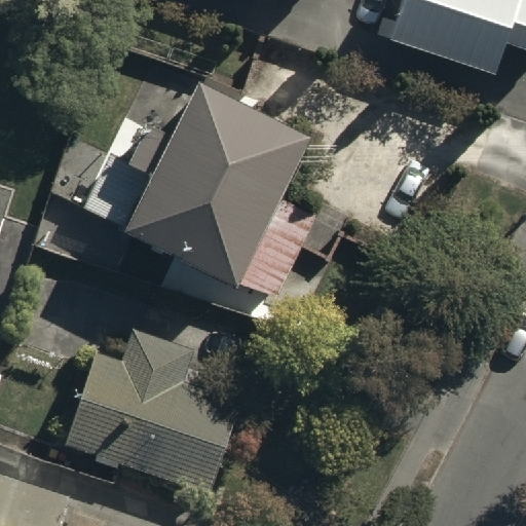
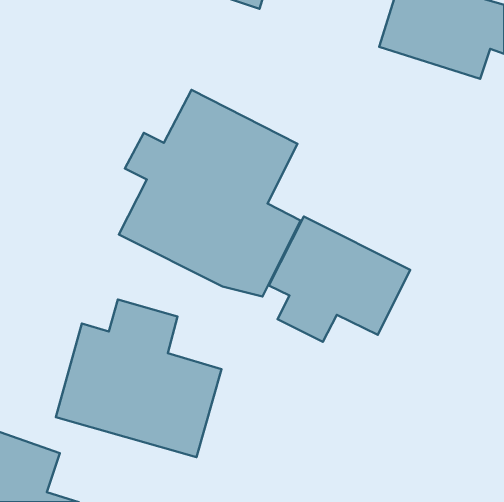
building: none -> [269,217,410,342]

